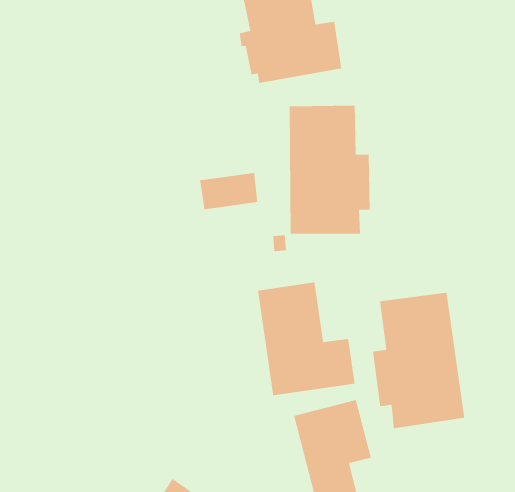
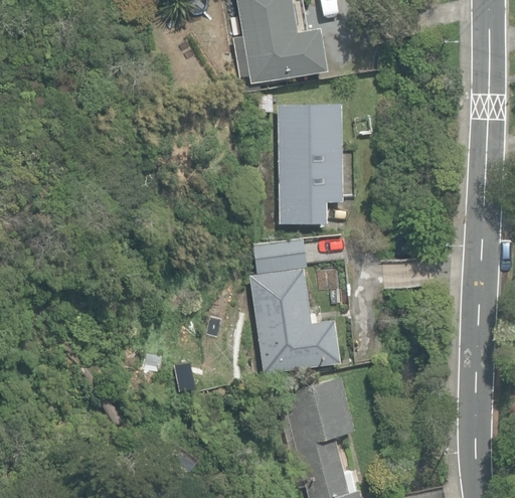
building: [199,172,258,210] -> [250,236,305,272]
building: [372,292,465,429] -> none

